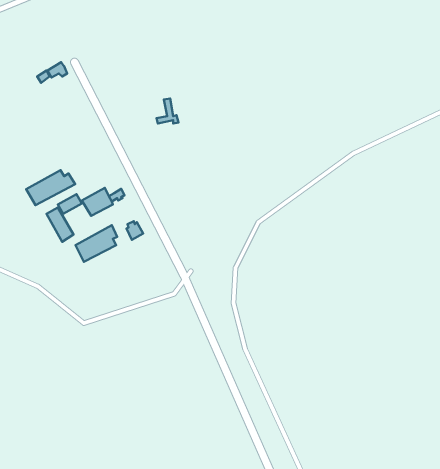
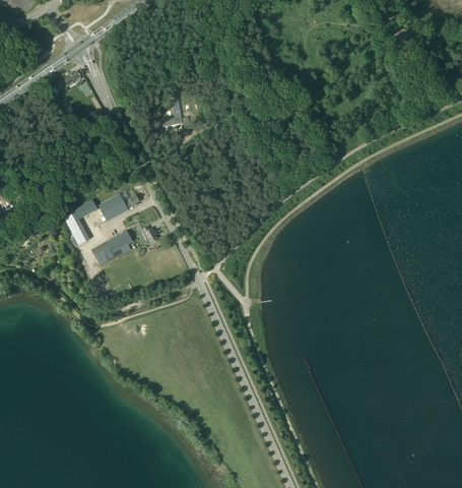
building: [26,170,75,205] -> none

